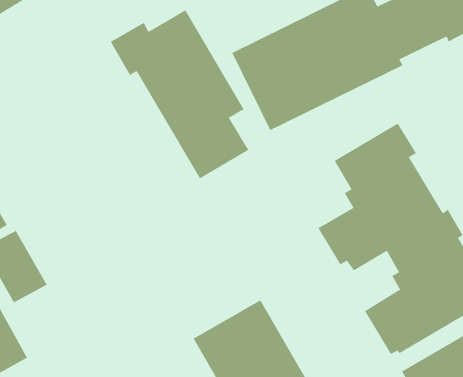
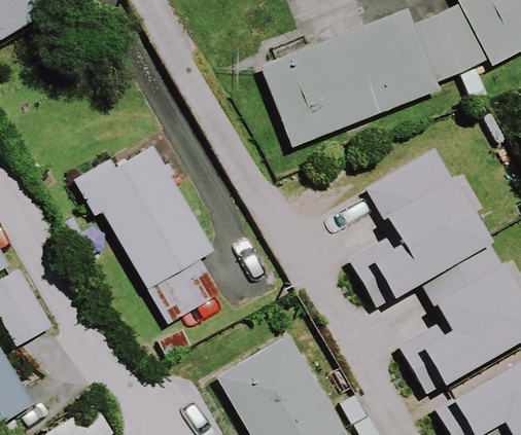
building: [110,10,249,179] -> [82,139,230,318]

